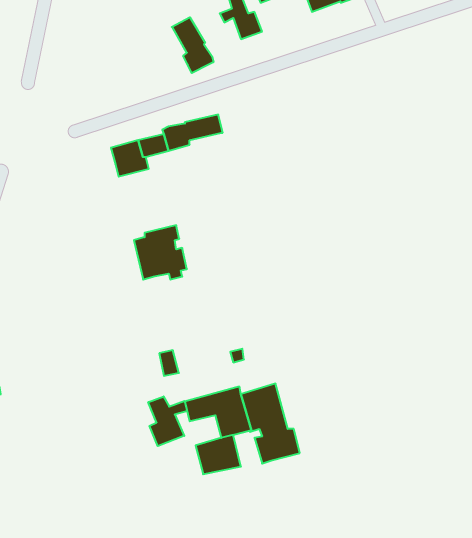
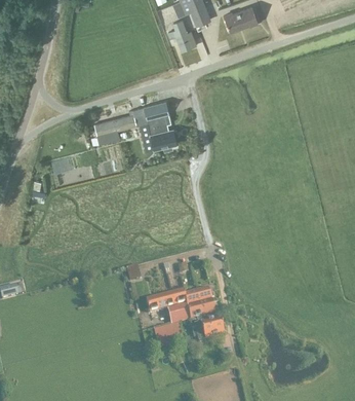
building: [172,17,213,73] -> none
building: [134,225,187,280] -> [142,114,177,151]
building: [148,396,187,446] -> none

